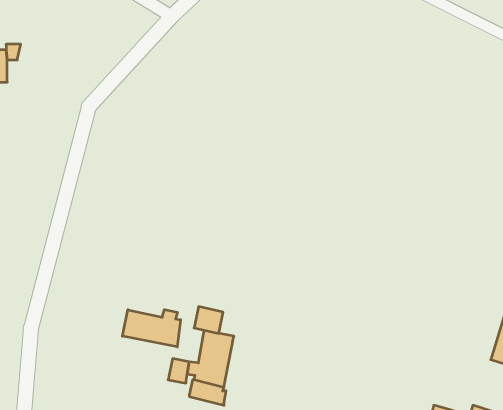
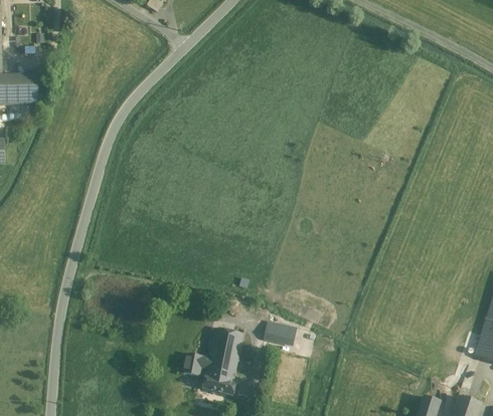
building: [194,307,223,333] -> [262,318,288,342]
building: [122,310,181,347] -> none

